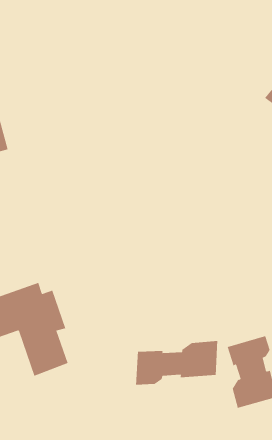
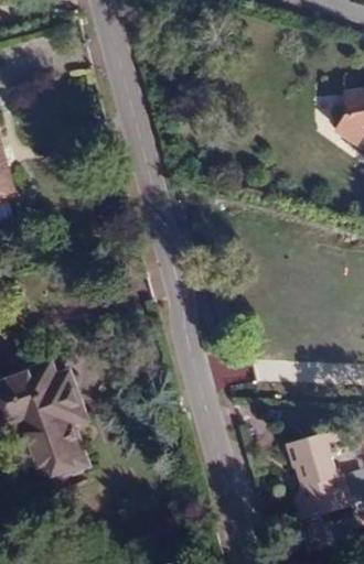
building: [135,340,218,386] -> none

